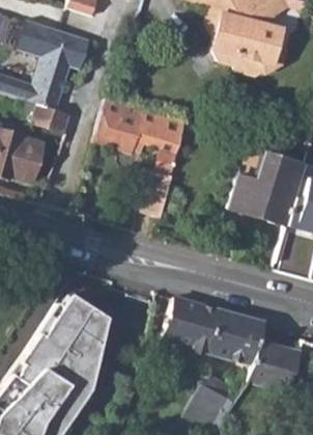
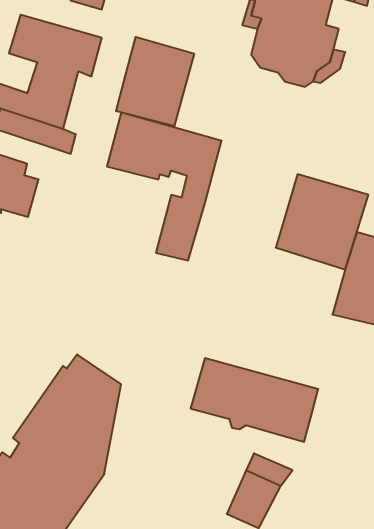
building: none -> [116,37,194,126]
building: [250,342,301,391] -> none

